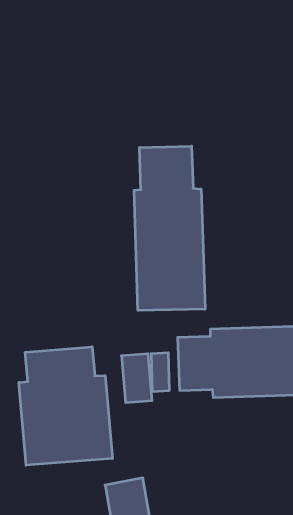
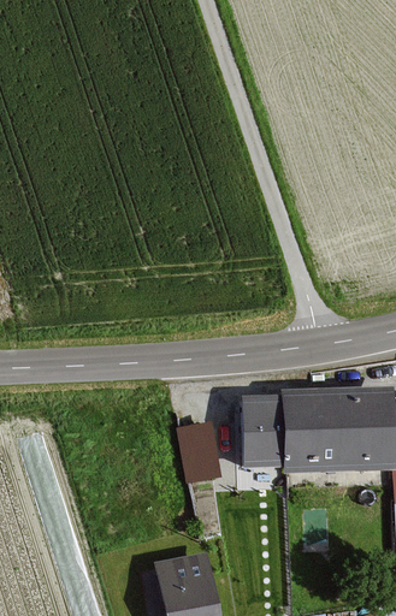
building: [134,146,205,310] -> none
building: [19,347,112,465] -> none

